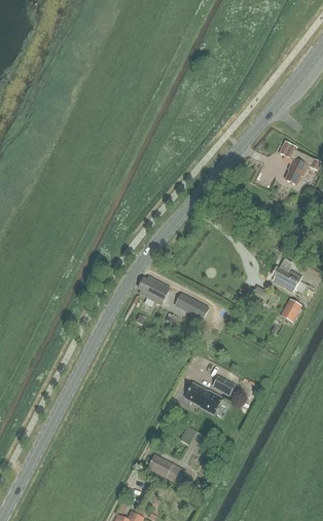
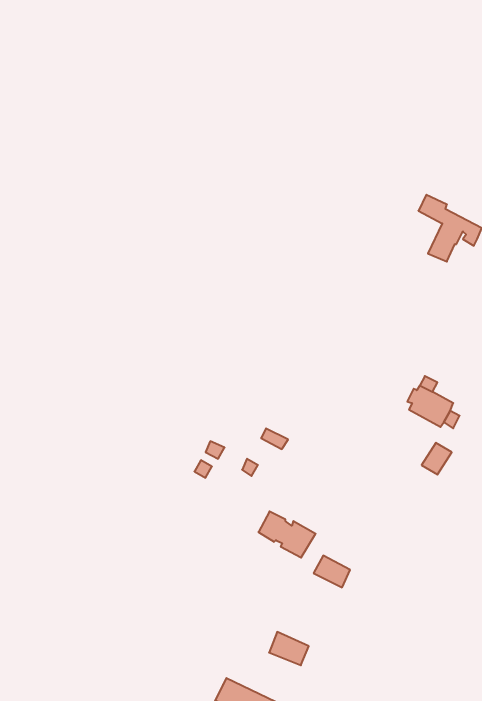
building: [137,275,170,304] -> none
building: [185,382,222,412] -> [258,511,316,558]

